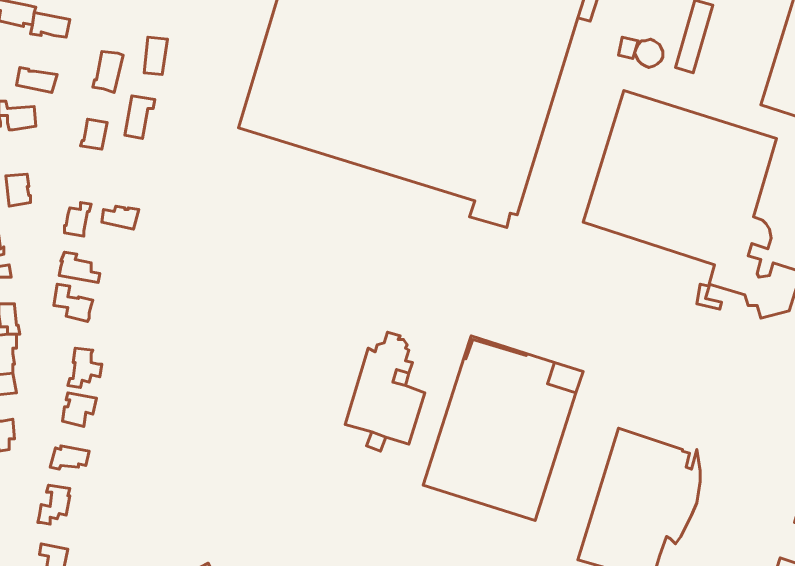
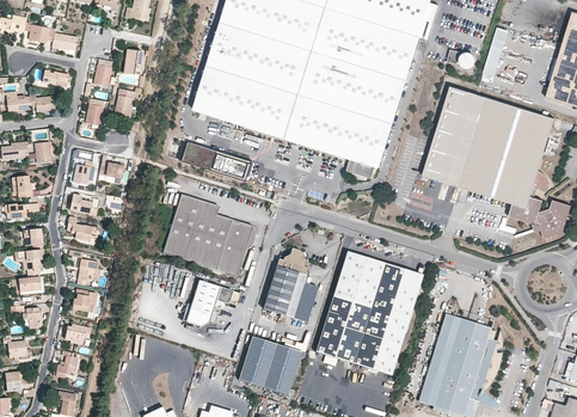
building: none -> [182,140,251,180]
building: none -> [162,194,256,277]
building: none -> [186,280,241,326]
building: none -> [239,336,300,395]

